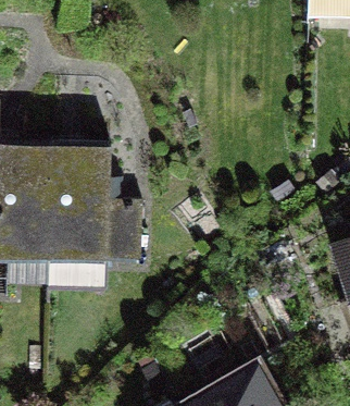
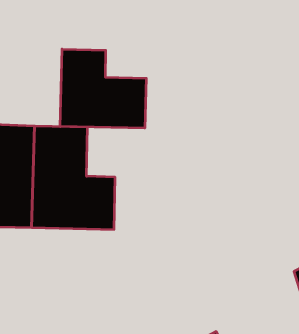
building: none -> [60,49,146,128]

